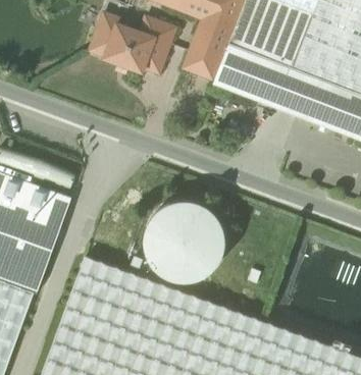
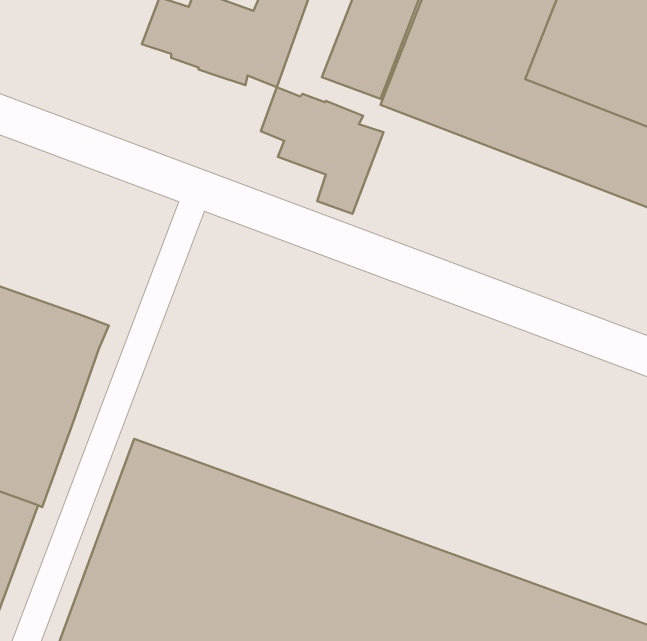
building: none -> [261,87,383,214]
building: [127,190,220,285] -> none

